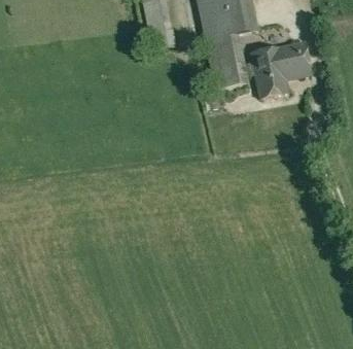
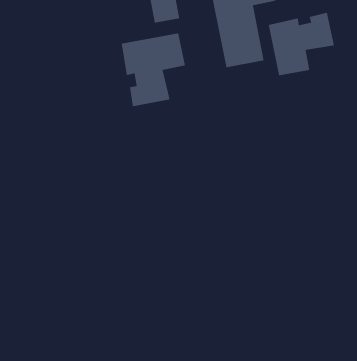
building: none -> [121,32,186,107]

